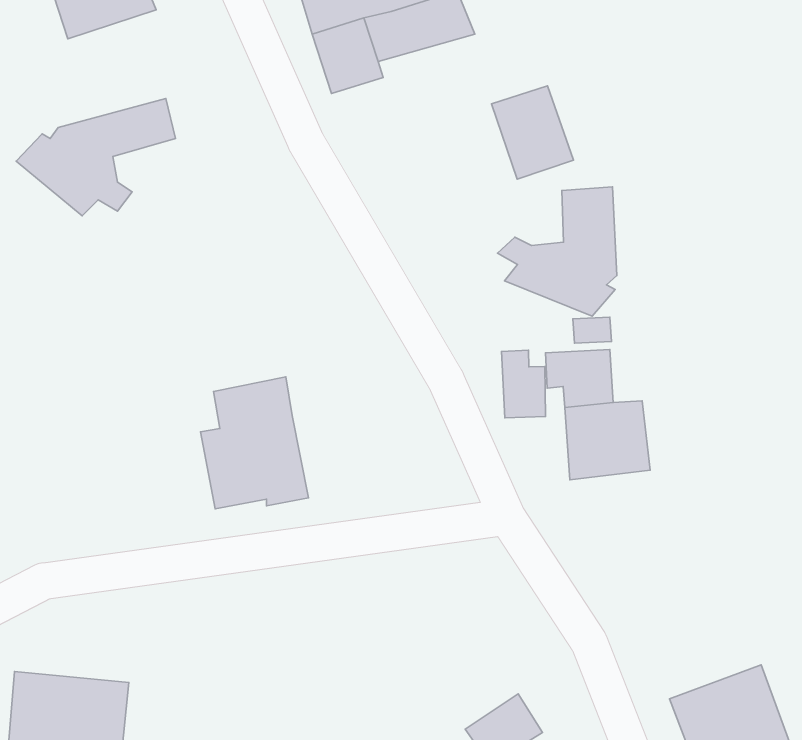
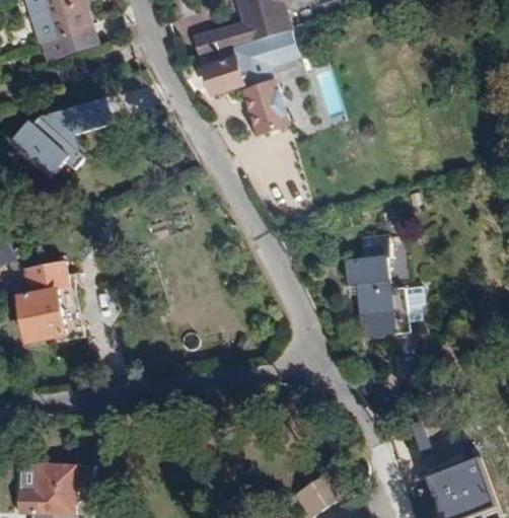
building: [491,86,573,179] -> [239,78,291,137]
building: [497,187,617,316] -> none
building: [501,350,546,418] -> none
building: [201,377,308,509] -> [13,261,81,344]

